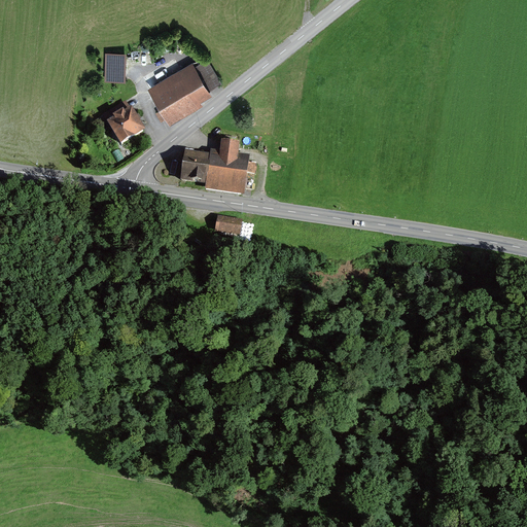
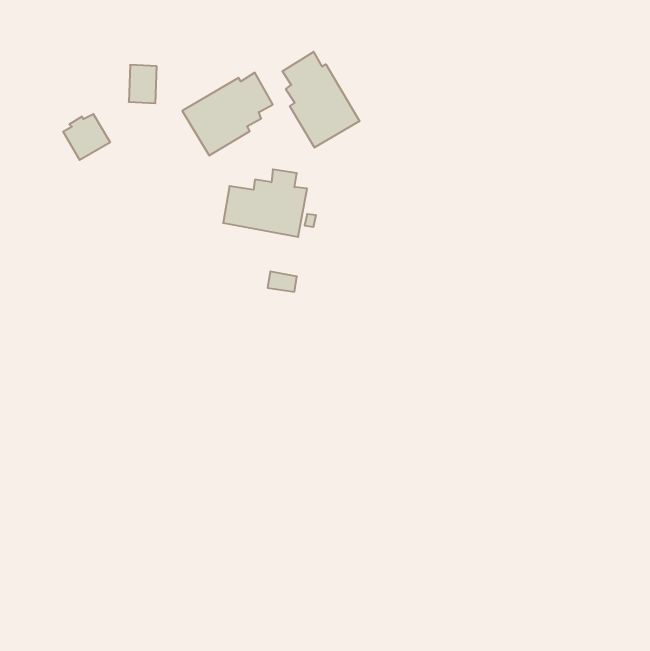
building: none -> [282,52,360,148]
building: [106,109,144,146] -> [63,114,110,160]

